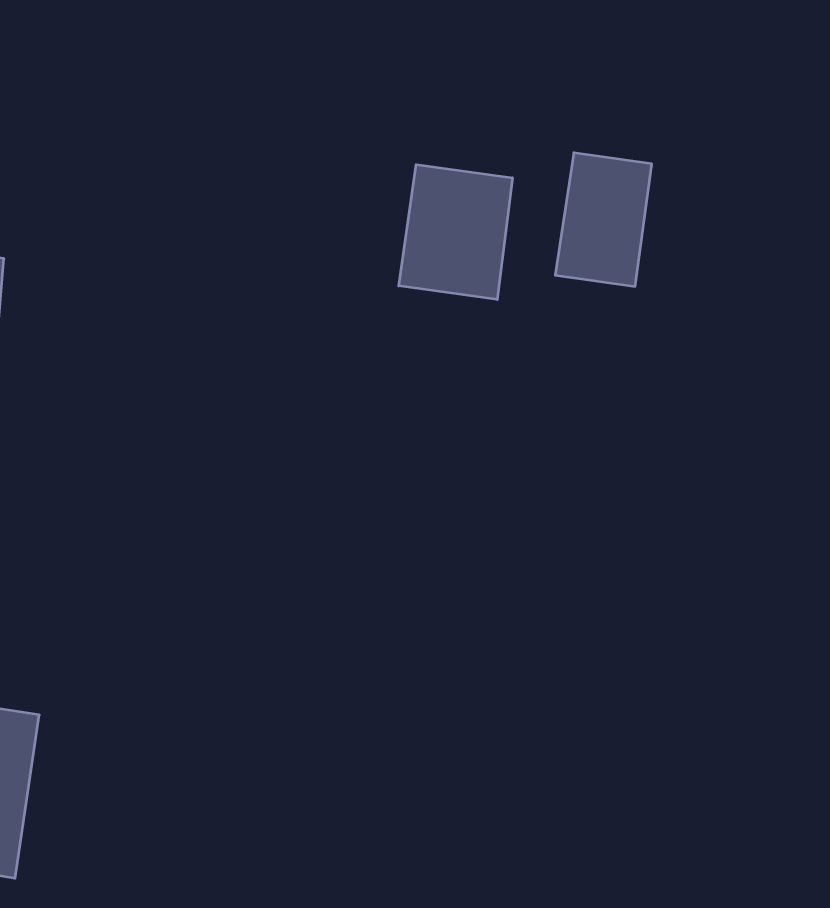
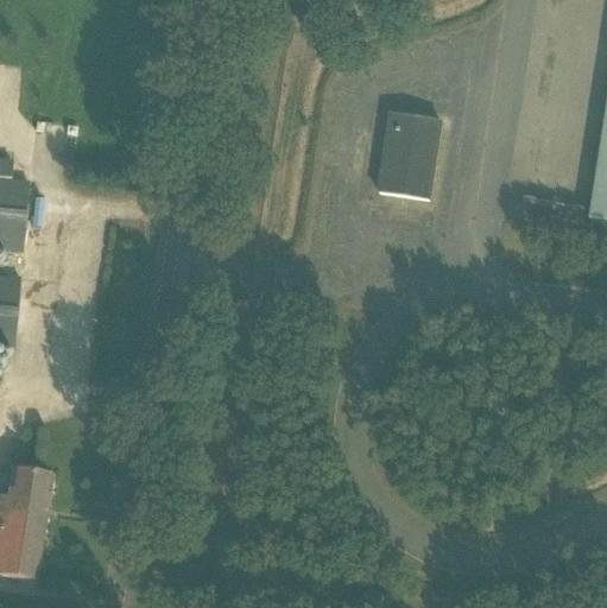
building: [399,165,512,300] -> none

